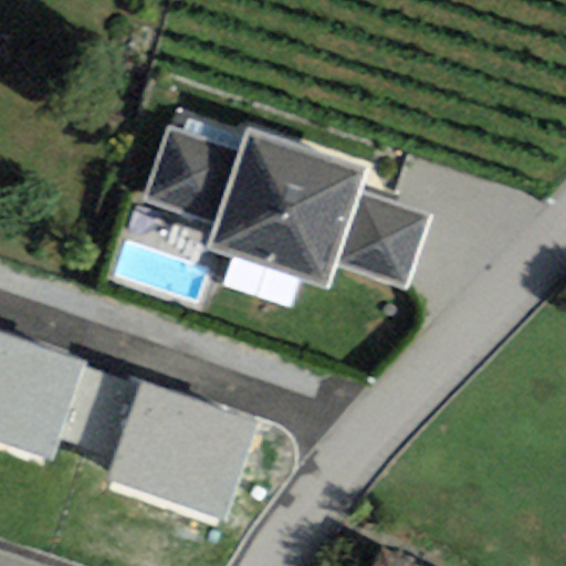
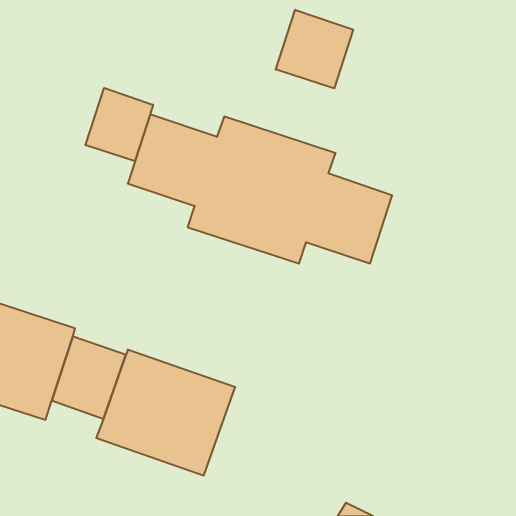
building: none -> [276,10,353,88]
building: none -> [85,88,153,161]

